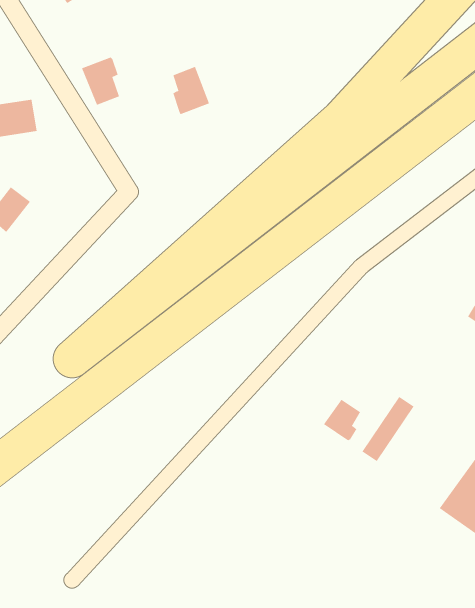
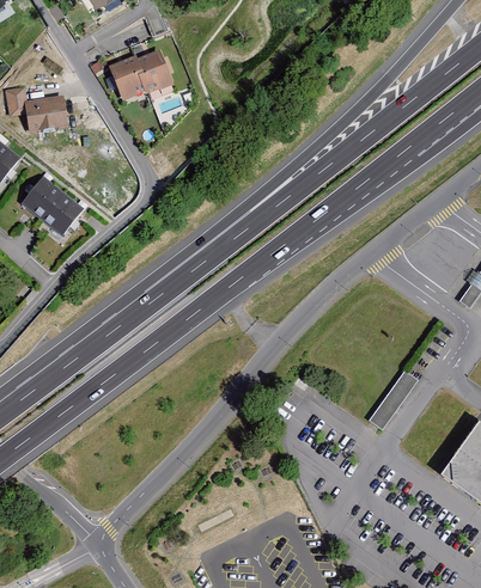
building: [172,66,210,115] -> [138,49,172,94]
building: none -> [38,190,79,234]
building: [323,399,361,441] -> none

